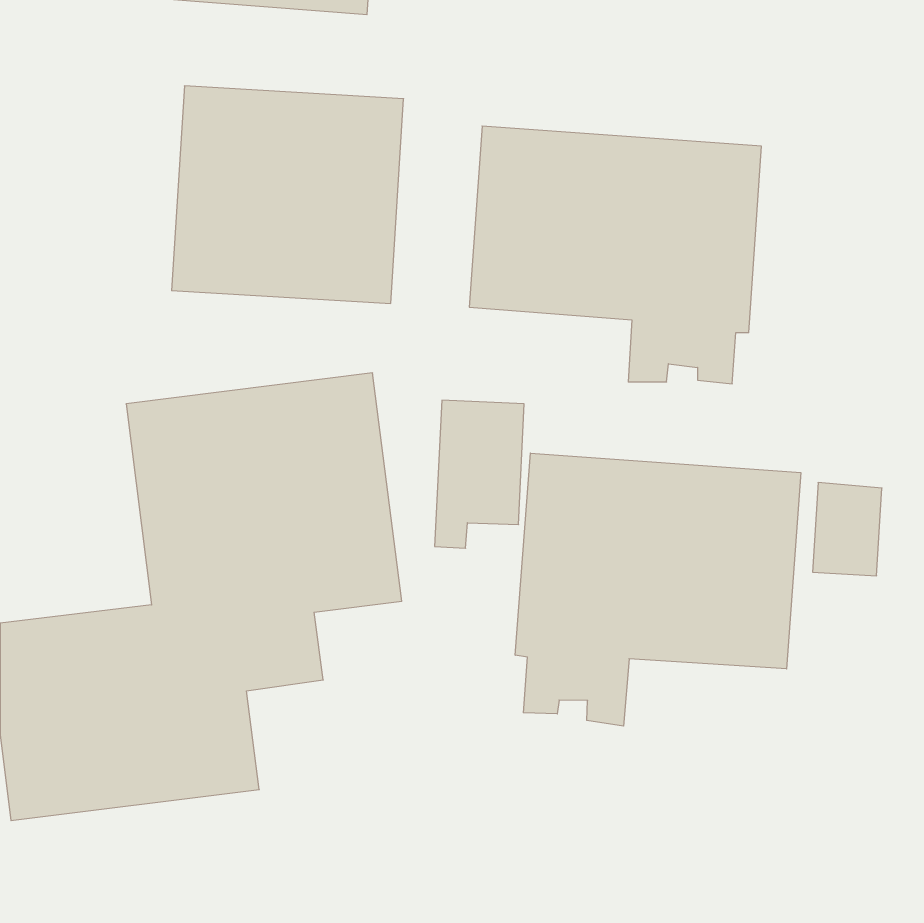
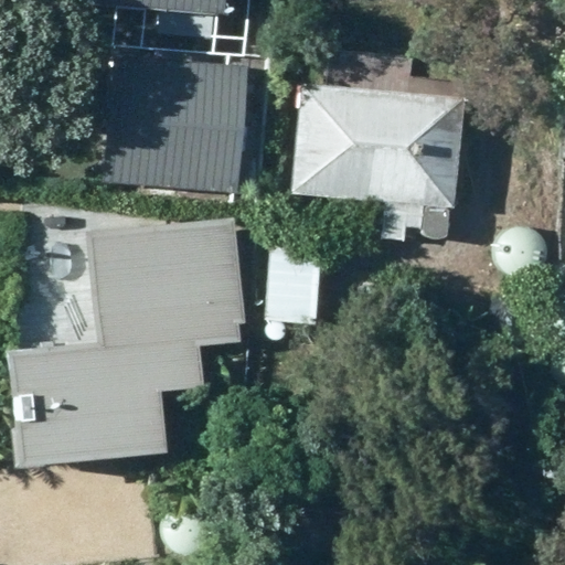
building: [515,453,801,726] -> none

